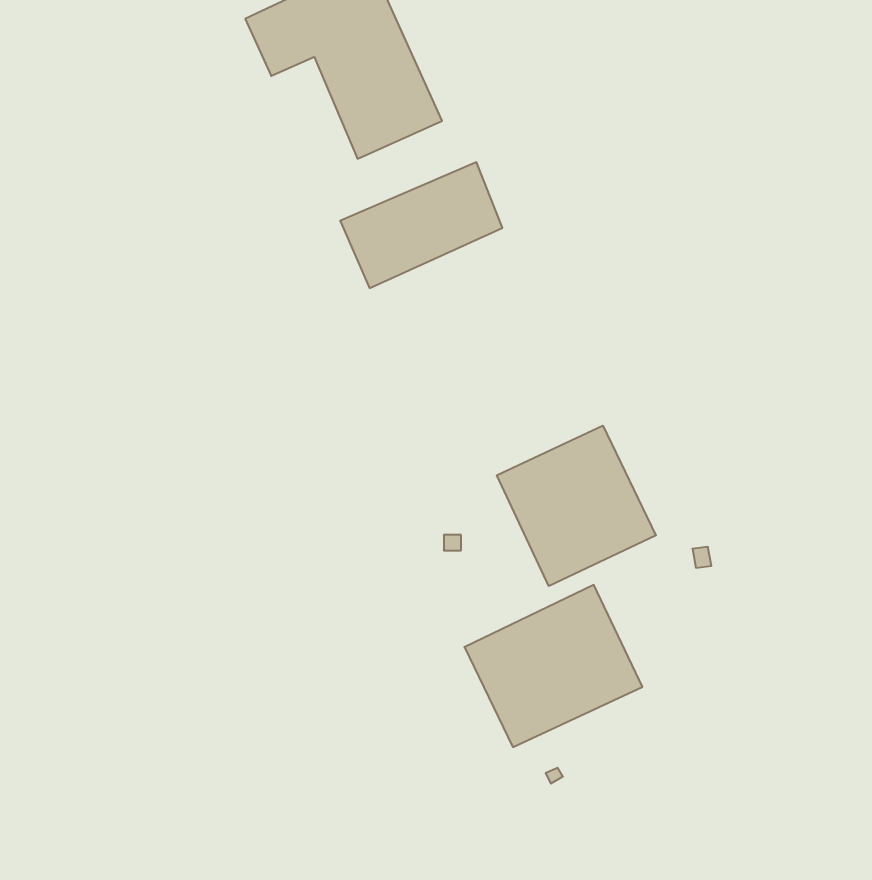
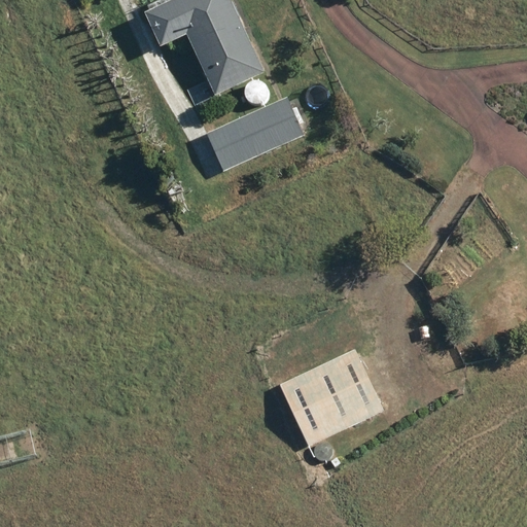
building: [497,426,656,586] -> none

